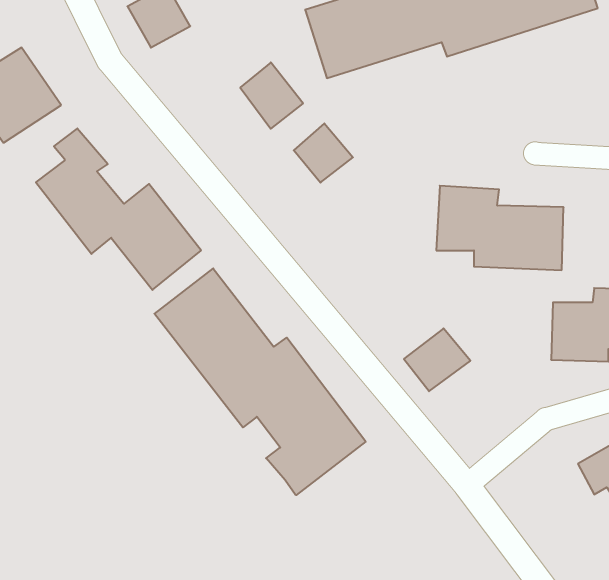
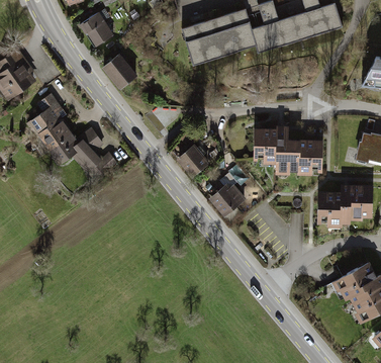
building: [240,62,303,129] -> [101,52,136,89]
building: [294,123,353,183] -> [176,144,209,177]
building: [154,268,366,495] -> none
building: [404,328,470,391] -> [208,181,246,216]

